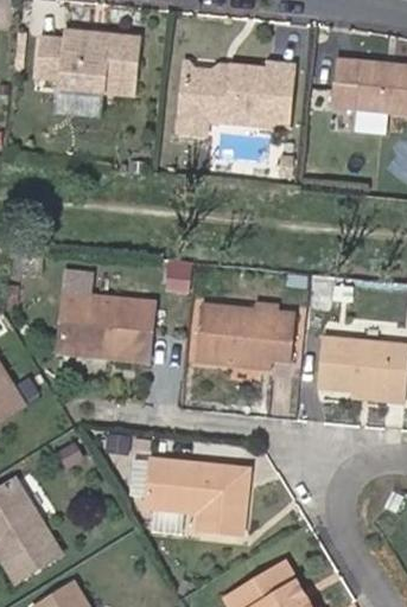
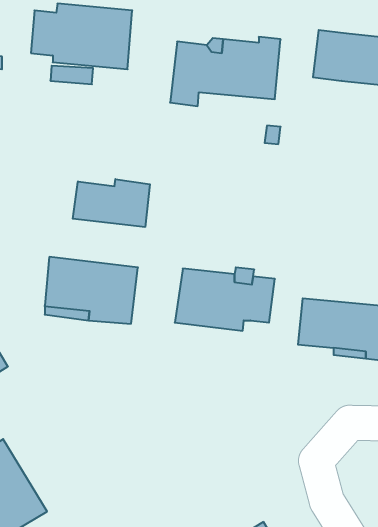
building: none -> [73,179,150,227]
building: [145,460,248,536] -> none

